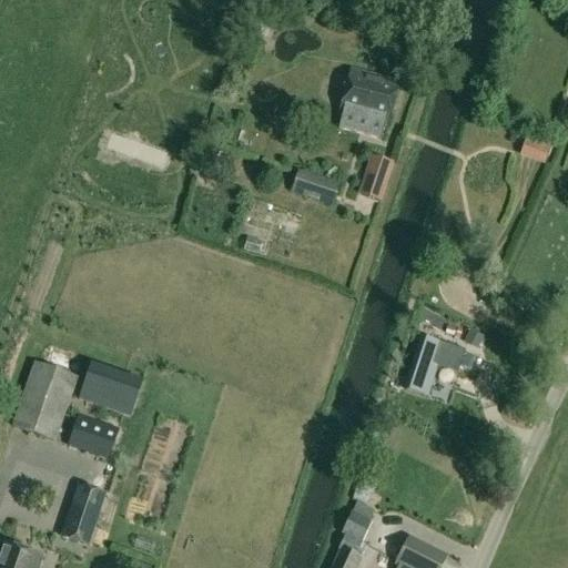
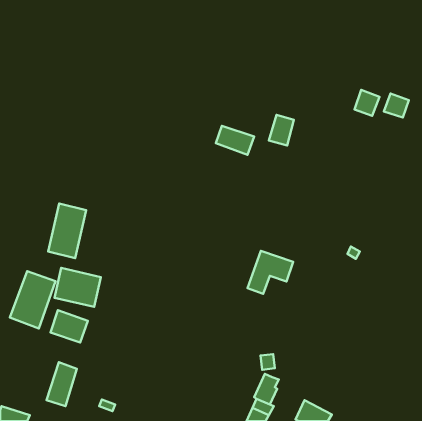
building: [339,68,399,138] -> none
building: none -> [354,90,380,116]
building: none -> [48,204,86,258]
building: [399,337,460,395] -> [248,251,293,294]

